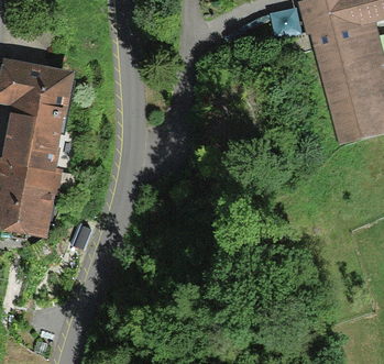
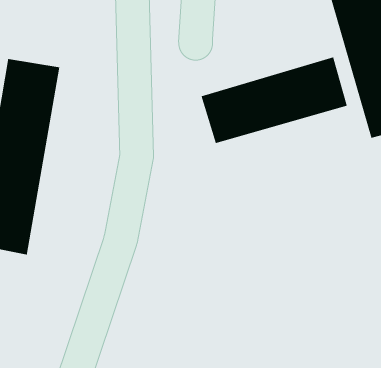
building: none -> [201,57,348,144]

